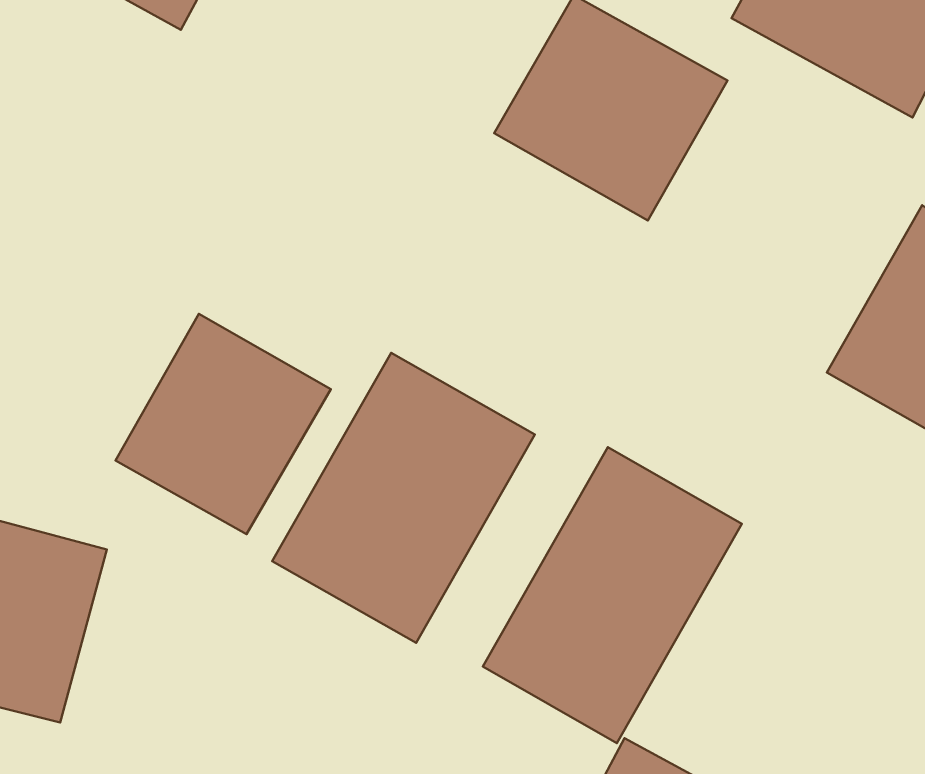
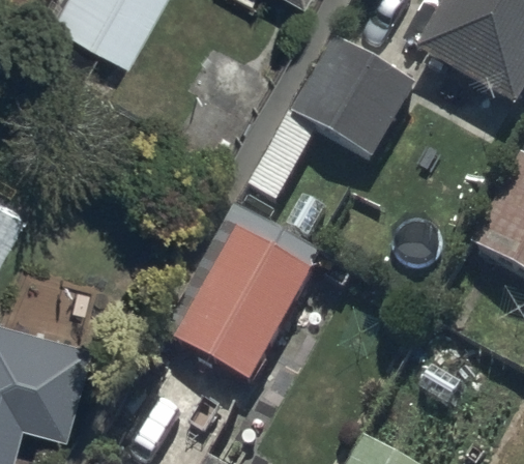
building: [115,314,331,534] -> none
building: [483,447,742,743] -> none

